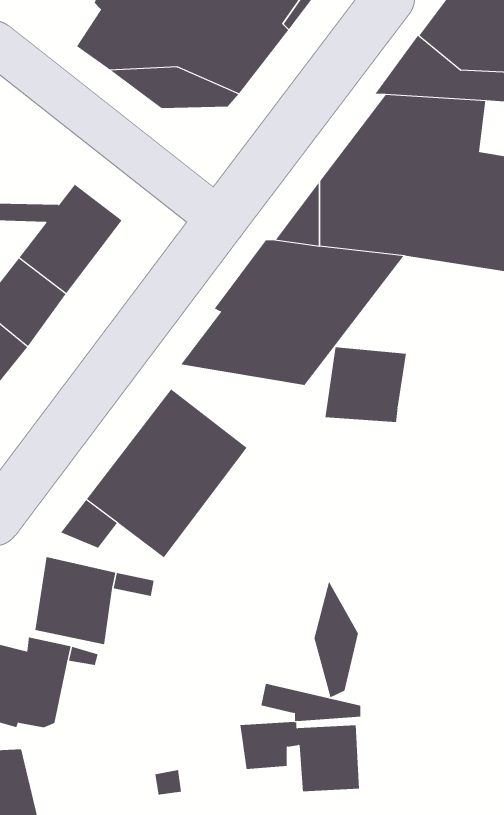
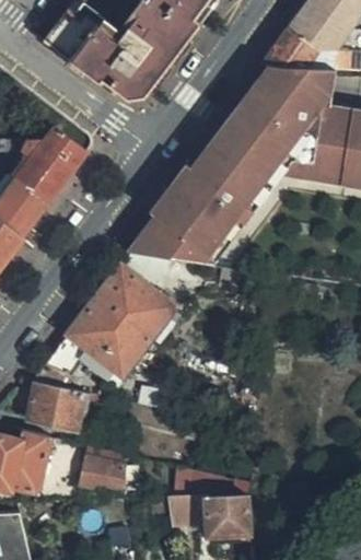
building: none -> [47,32,160,91]
building: [325,346,406,423] -> none
building: [314,580,359,698] -> none
building: none -> [79,453,124,488]

